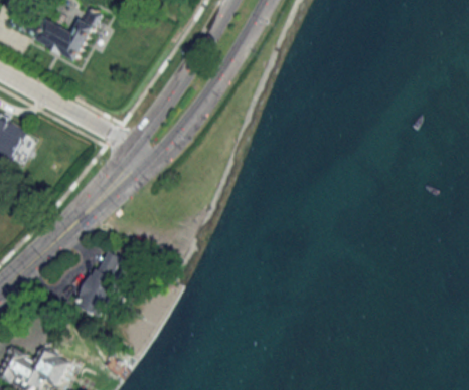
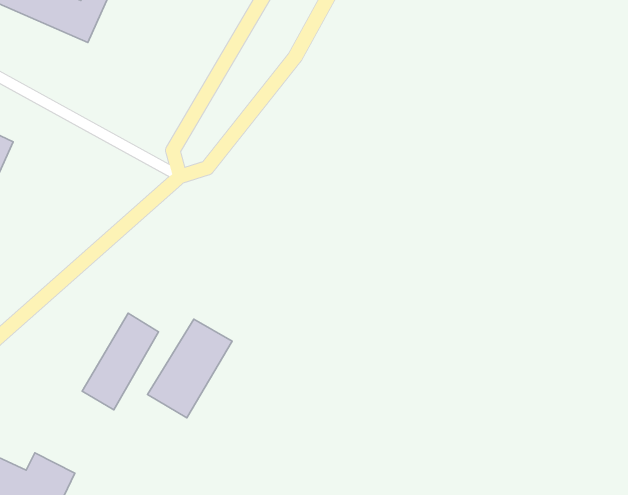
building: none -> [148,319,232,418]

